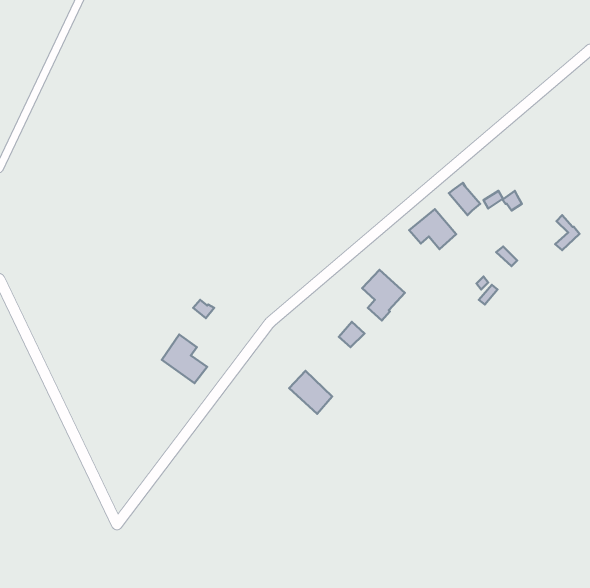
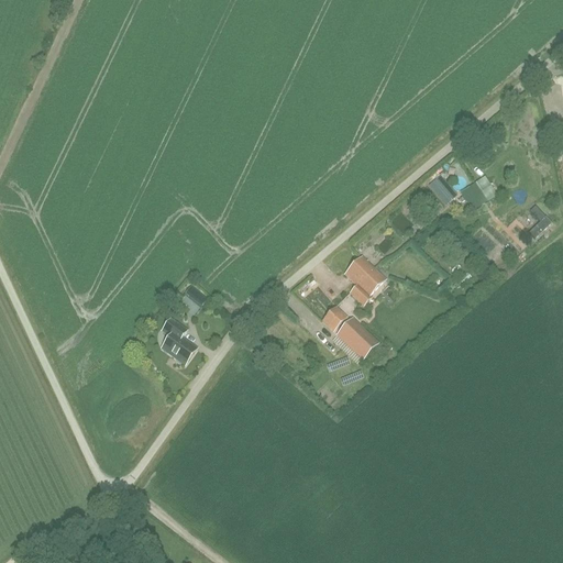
building: [409,209,456,249] -> none
building: [289,371,332,414] -> [336,318,377,358]

